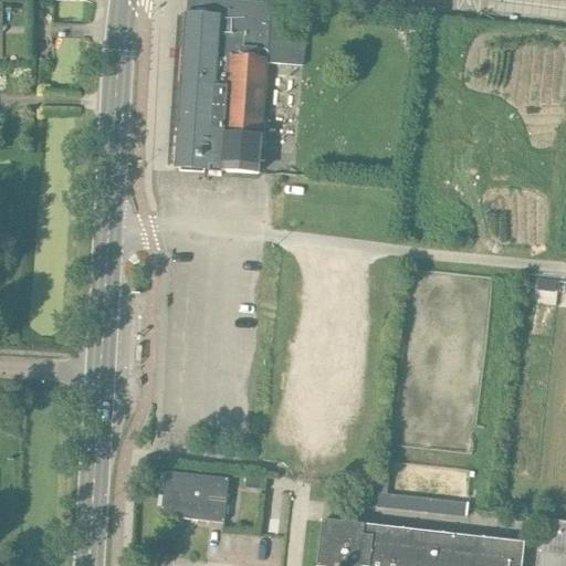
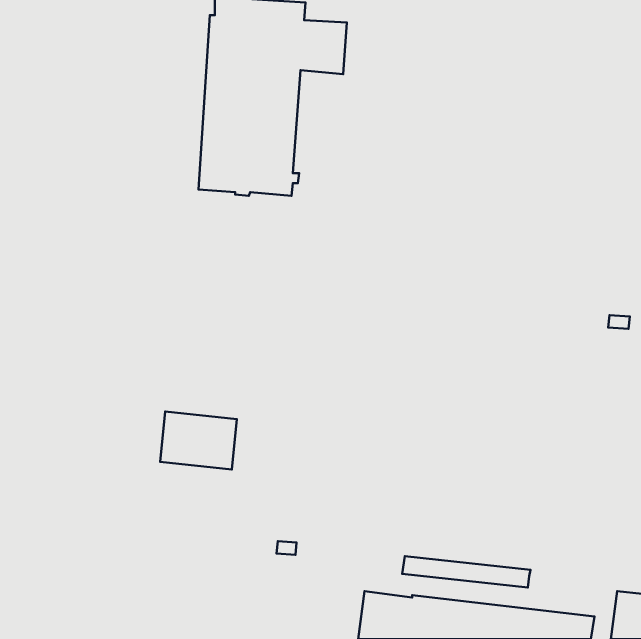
building: [160,472,228,523] -> [160,412,237,469]

